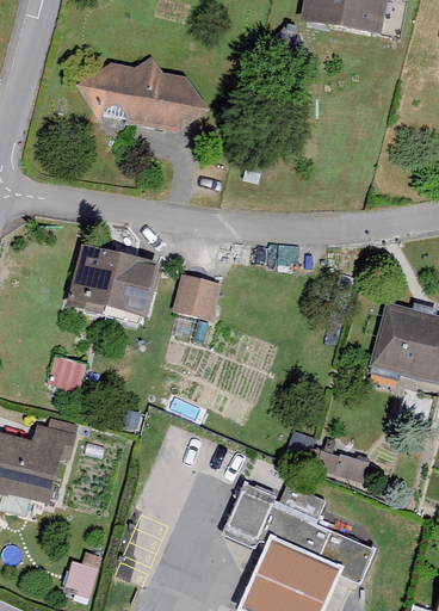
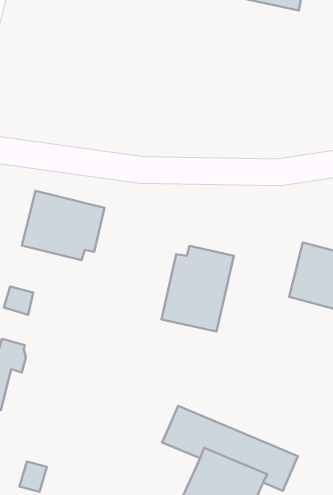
building: [76,54,211,132] -> none
building: [172,278,218,323] -> none
building: none -> [161,246,234,332]

